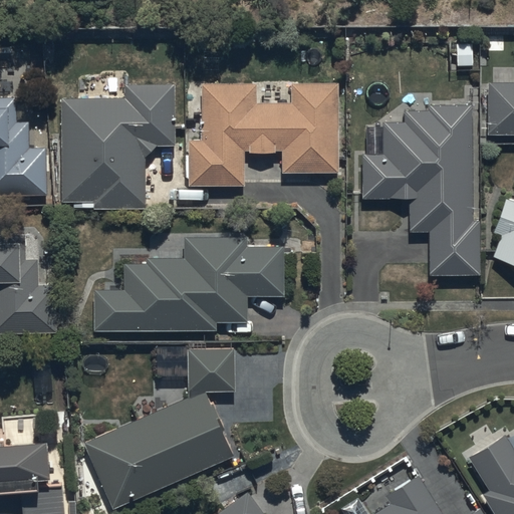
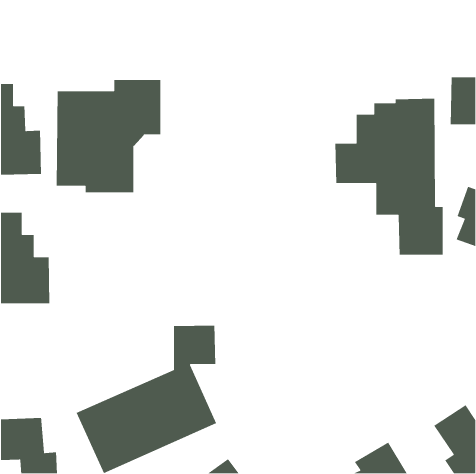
building: [189,83,334,187] -> none
building: [92,238,282,331] -> none

